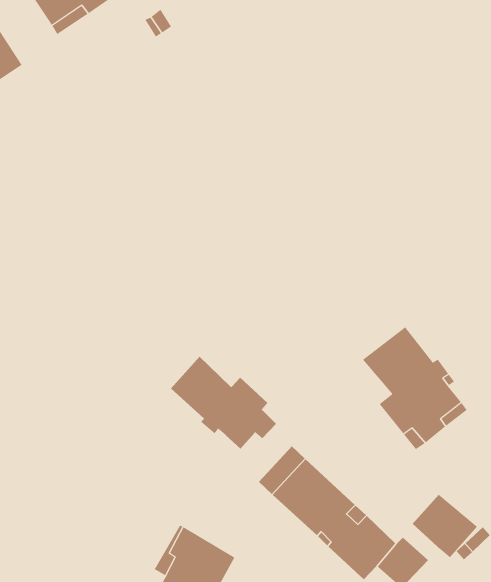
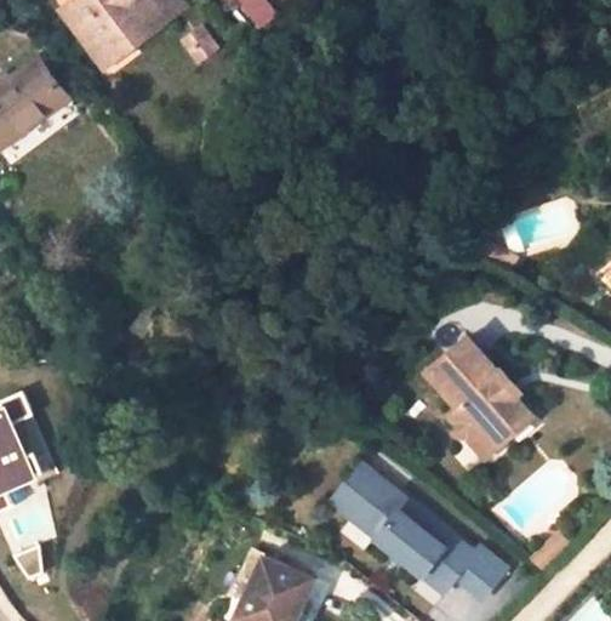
building: [170,356,277,450] -> none
building: [412,494,478,558] -> none

